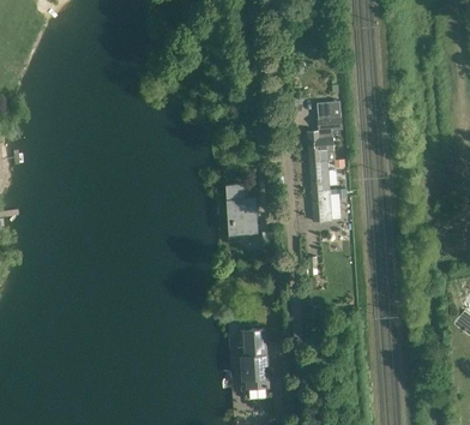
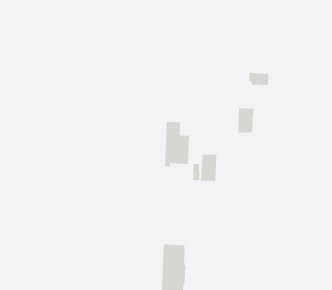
building: [307,130,333,160] -> none
building: [312,187,332,221] -> [200,154,217,182]

